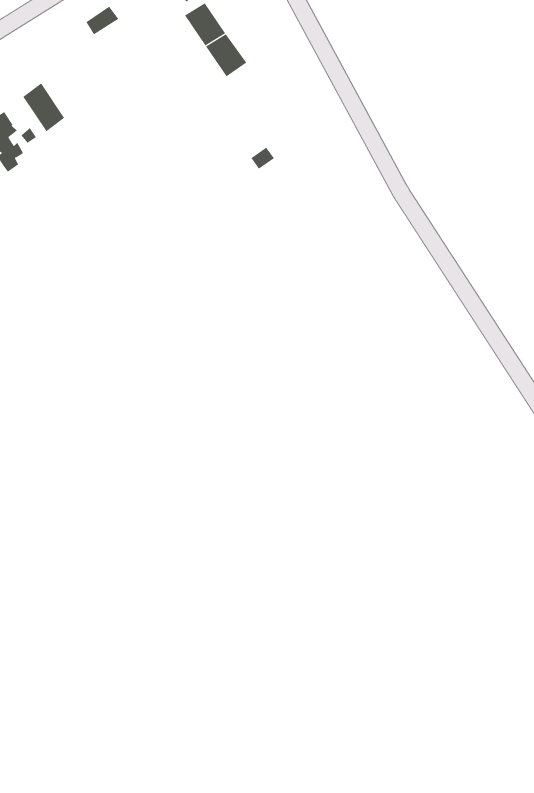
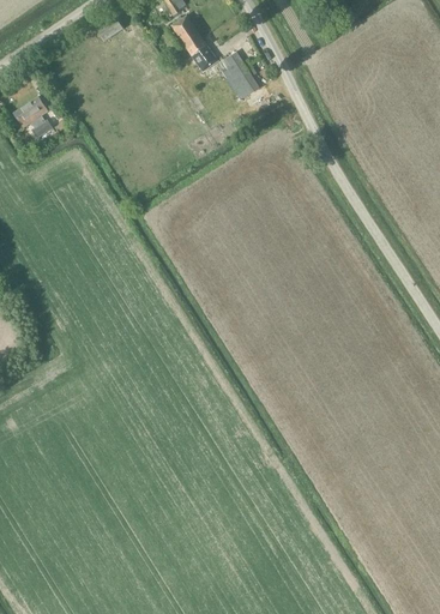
building: none -> [216,52,259,95]
building: [23,83,65,132] -> none

